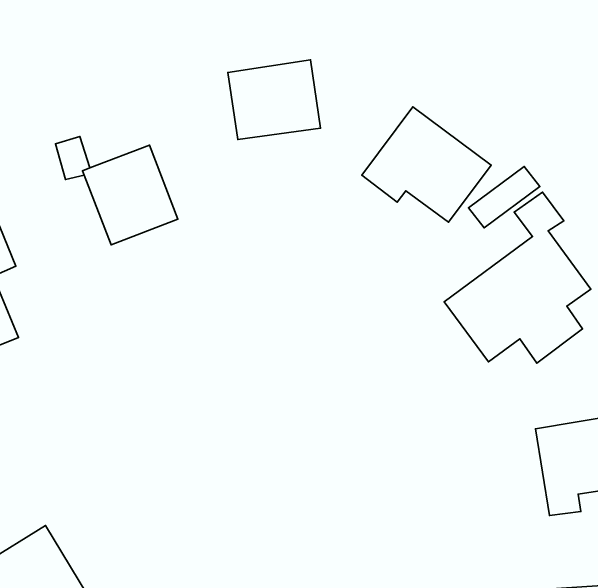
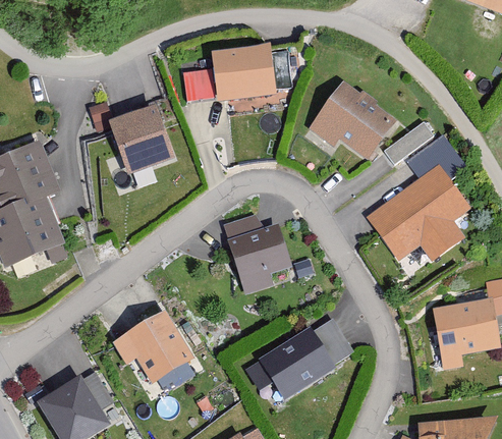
building: none -> [181,67,215,100]
building: none -> [221,209,293,291]
building: none -> [112,309,194,382]
building: none -> [243,319,353,400]

